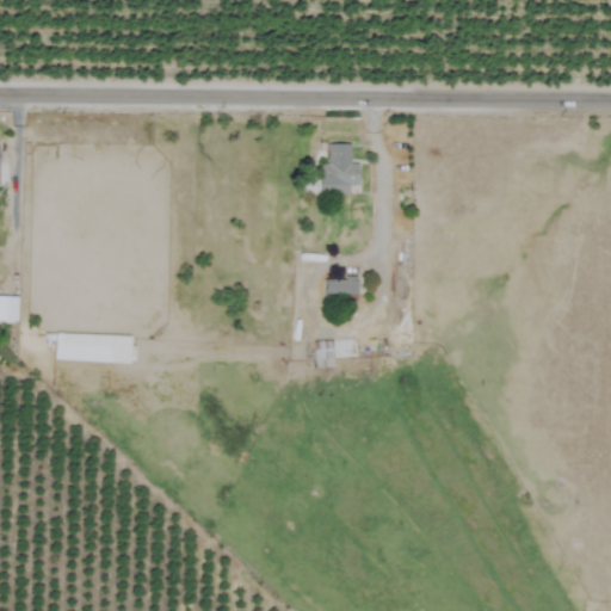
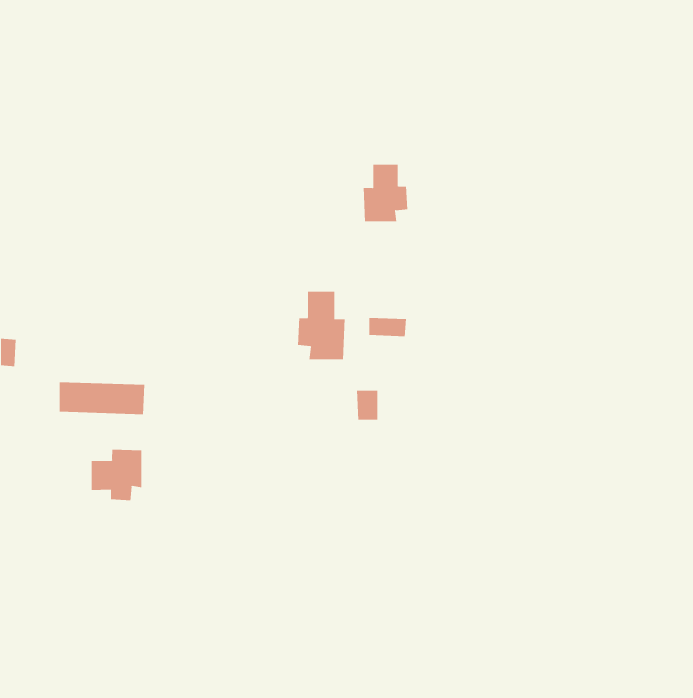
building: none -> [297,291,345,360]
building: none -> [91,449,142,501]

